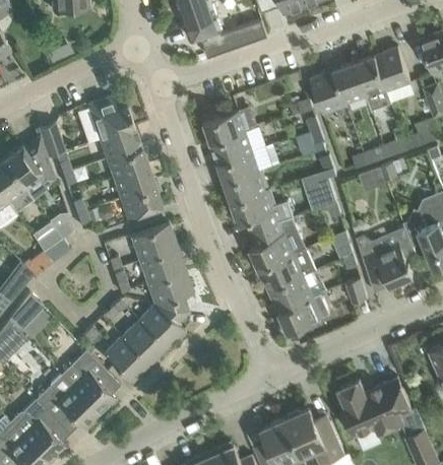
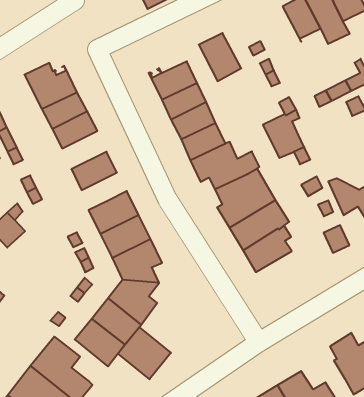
building: [310,72,346,116] -> [199,33,241,81]
building: [114,165,154,198] -> none
building: [278,295,329,339] -> none
building: none -> [118,327,171,379]

